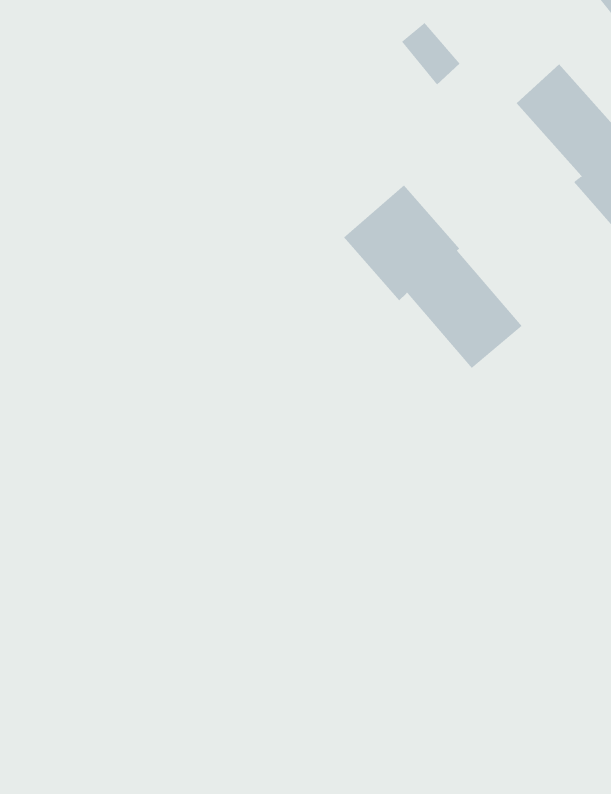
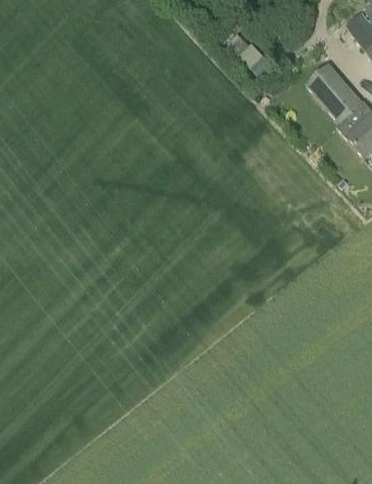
building: [343,185,522,369] -> none

